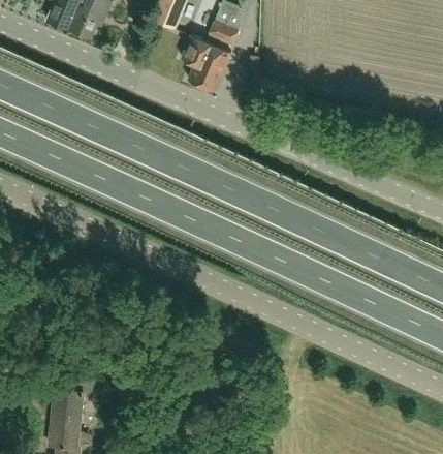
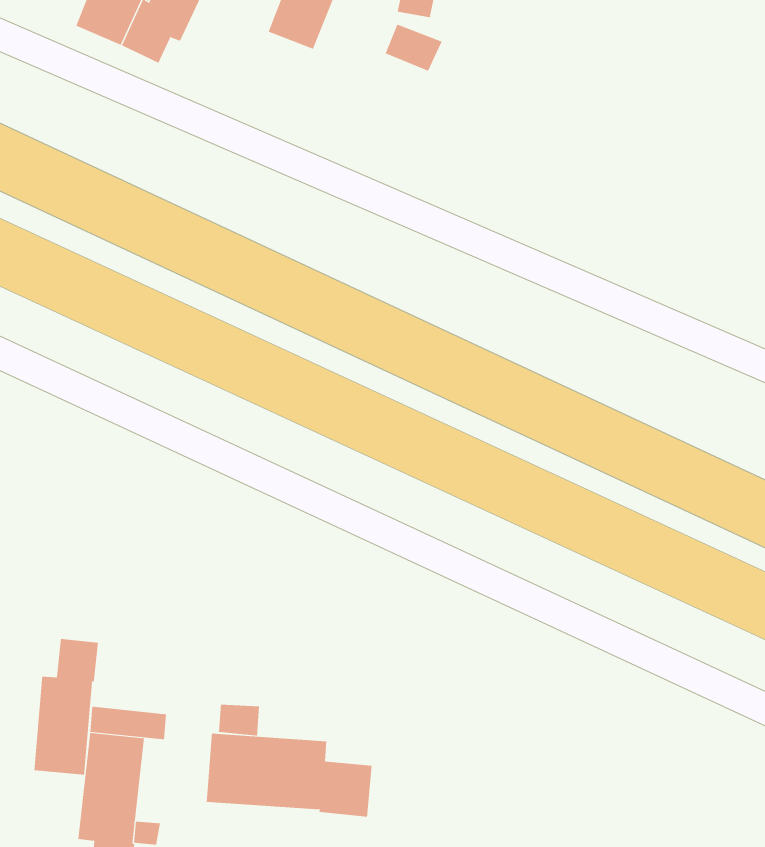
building: [182,33,231,89] -> none
building: none -> [34,638,99,775]
building: none -> [206,733,372,817]

